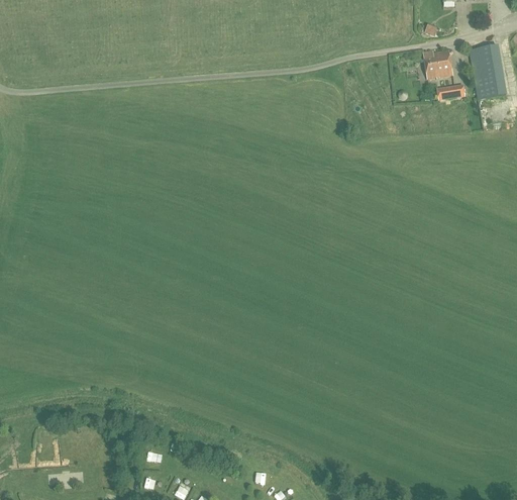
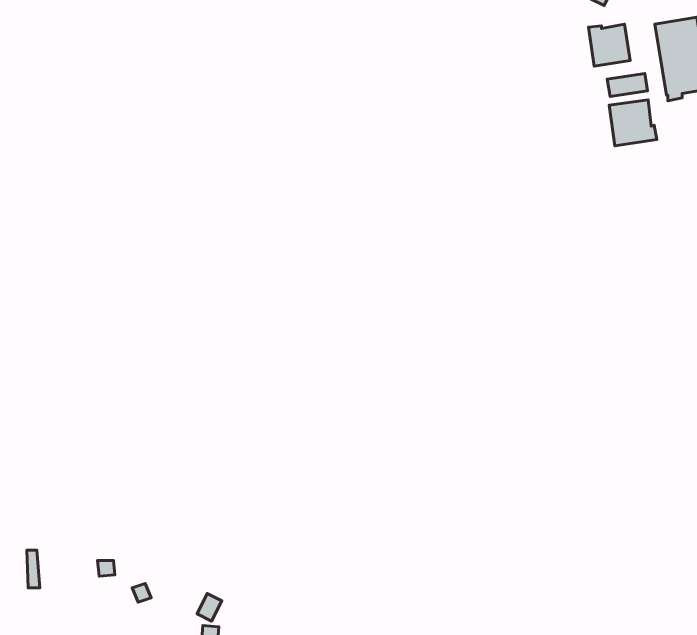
building: none -> [609,100,657,146]

